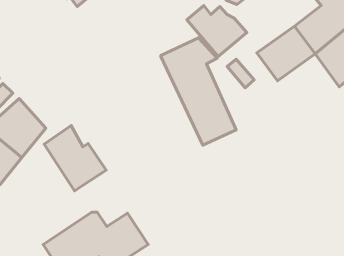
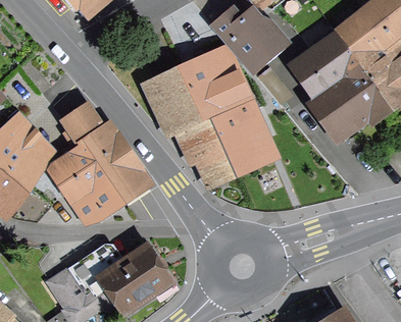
building: none -> [312,66,388,139]
building: none -> [147,69,233,179]
building: none -> [66,109,146,199]

